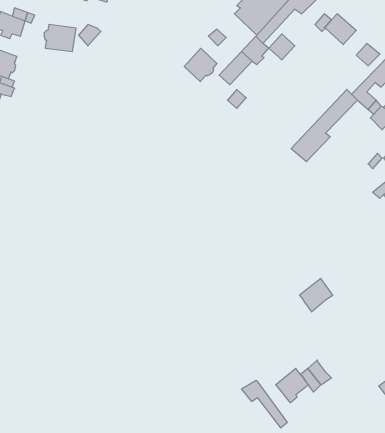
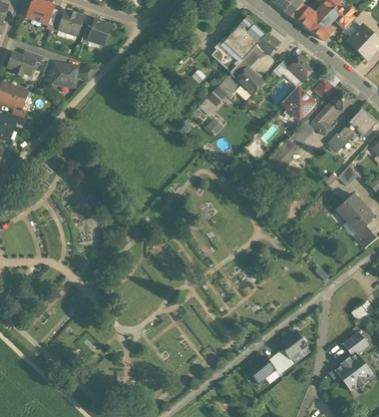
building: none -> [279,84,316,121]
building: [184,48,217,82] -> none
building: [300,279,333,312] -> [279,331,307,359]
building: [241,380,287,428] -> none

